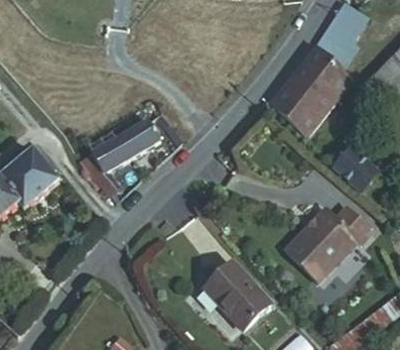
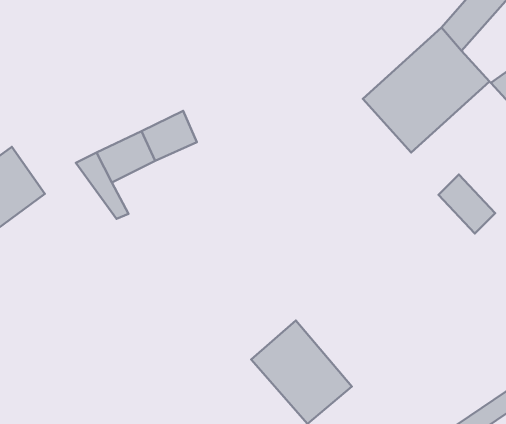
building: [286,207,373,281] -> none

